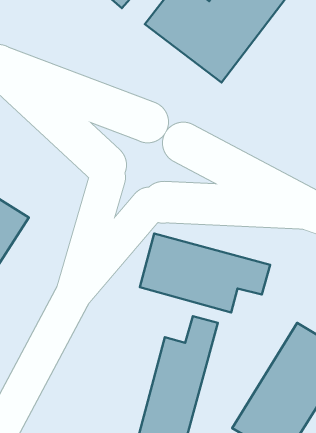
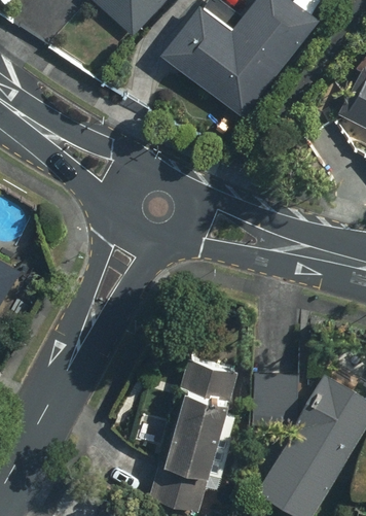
building: [140,234,270,312] -> none

